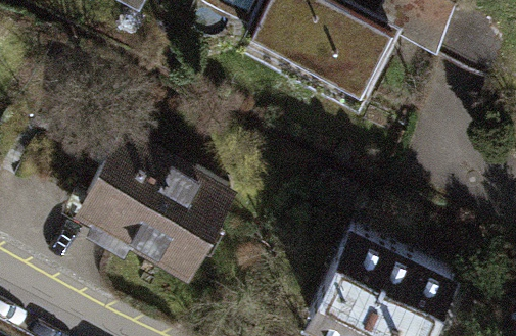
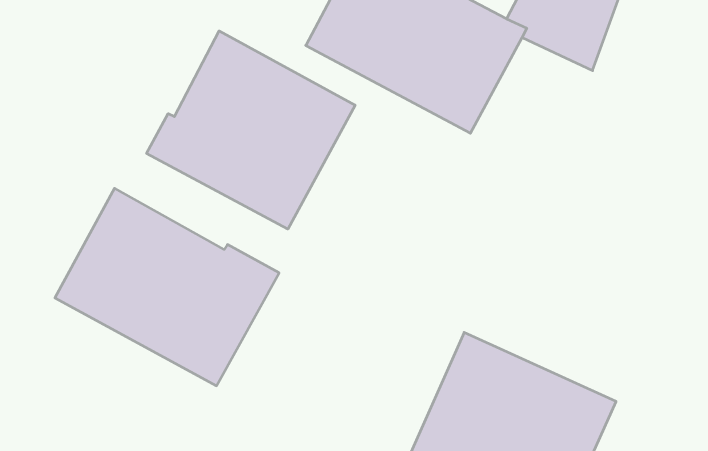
building: none -> [147,31,355,229]

